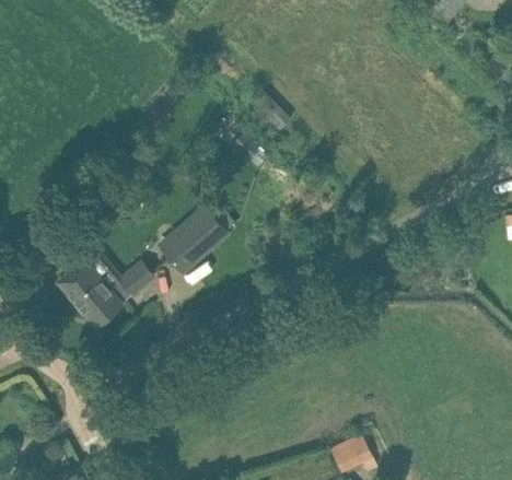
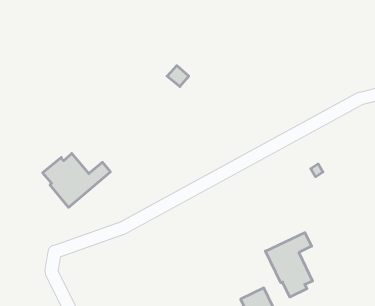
building: [156,206,231,277] -> none
building: none -> [265,233,313,297]

